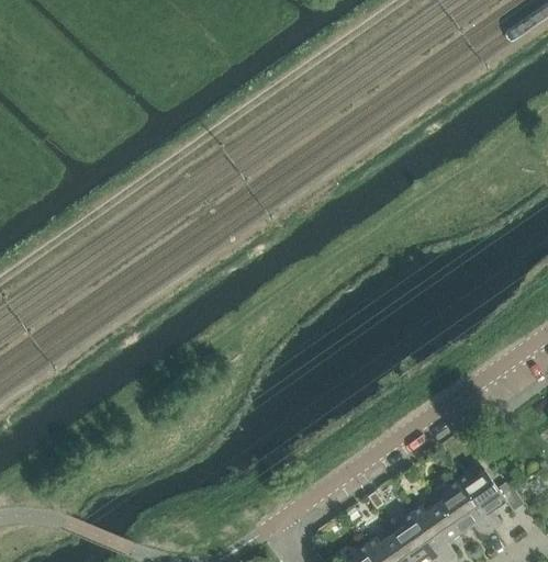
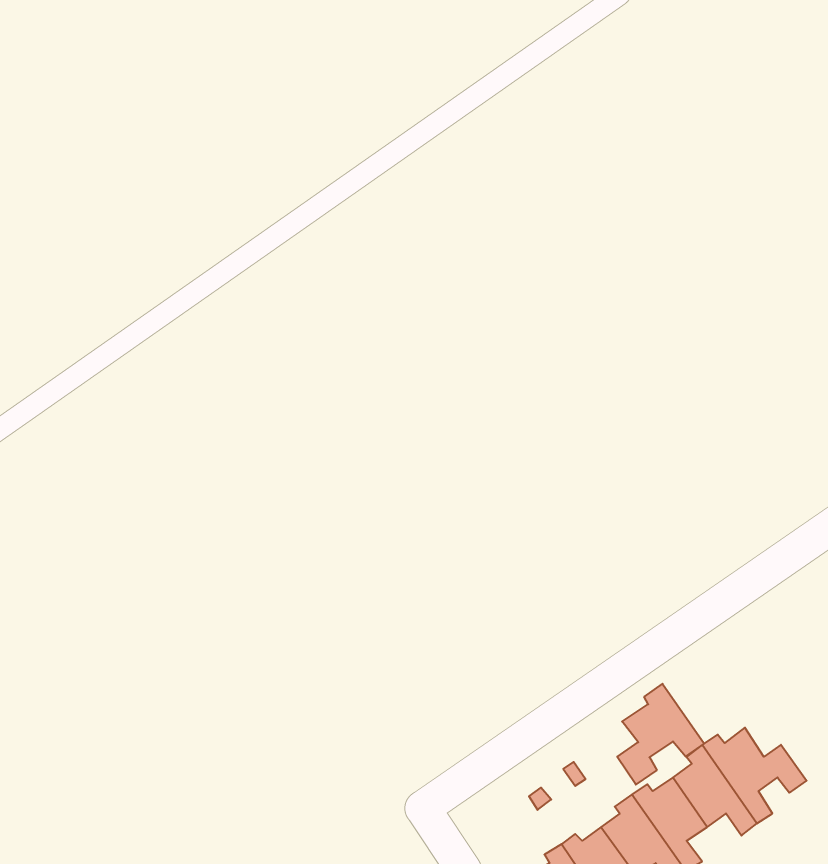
building: none -> [617,684,704,785]

